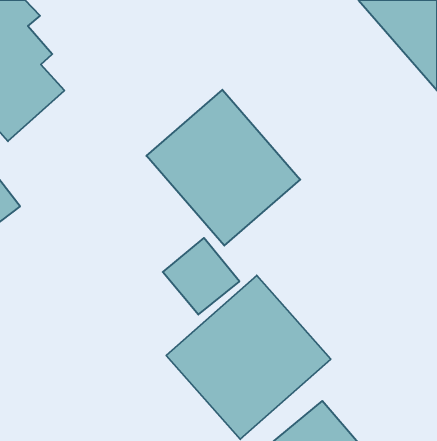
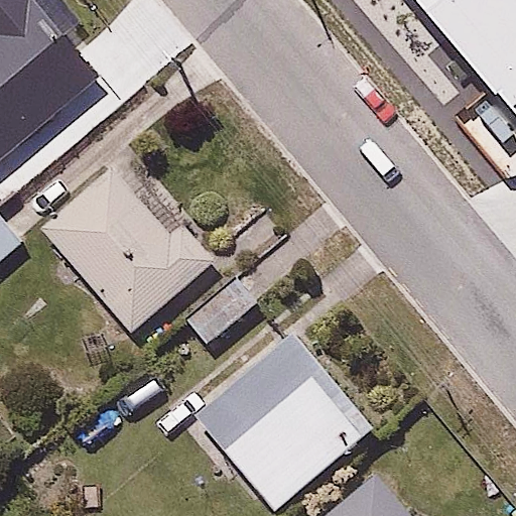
building: [146,90,300,246] -> none
building: none -> [39,165,223,333]

